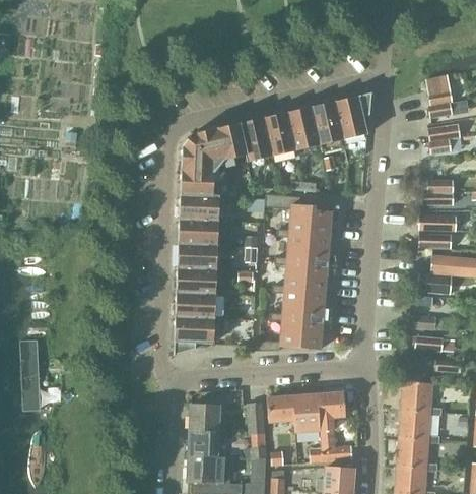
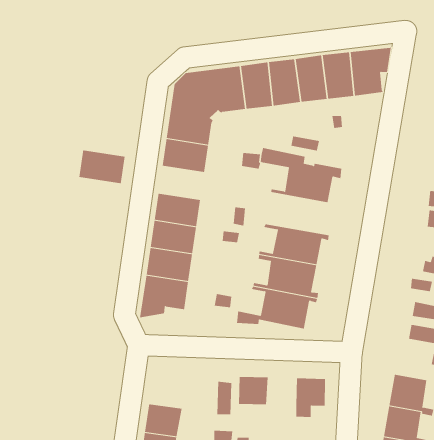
building: [179,219,218,245] -> [78,150,125,184]
building: [276,232,335,264] -> none
building: [293,393,321,430] -> none
building: [190,405,221,431] -> none

